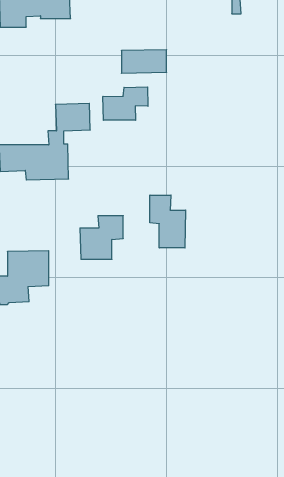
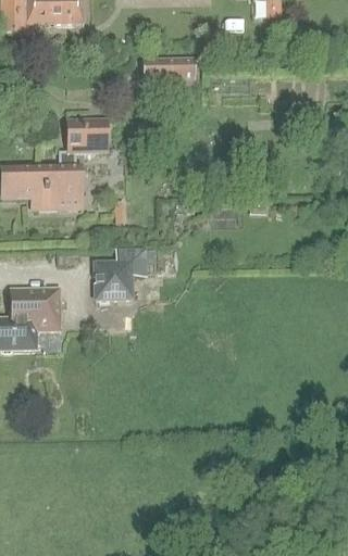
building: [103,87,148,120] -> none
building: [150,195,186,248] -> none

